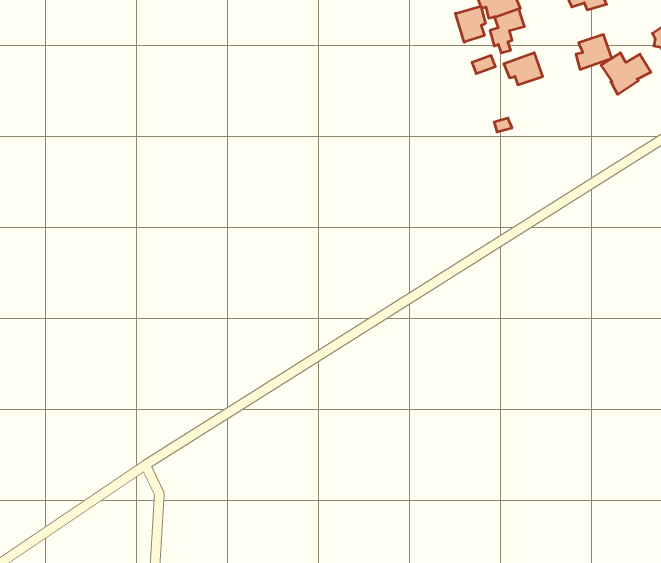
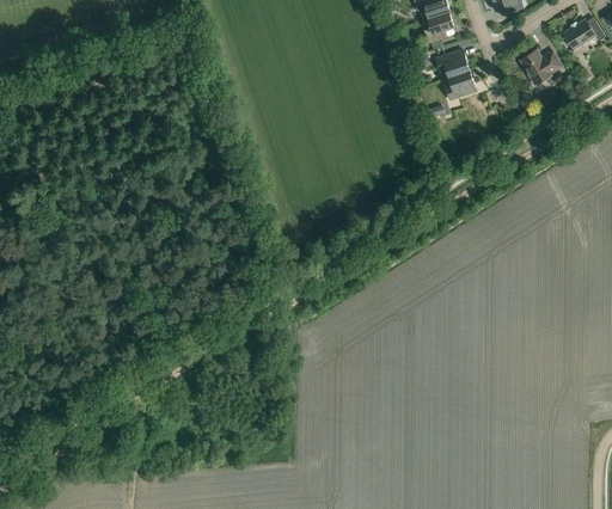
building: [455,6,485,42] -> none
building: [576,35,612,69] -> [446,68,477,98]

